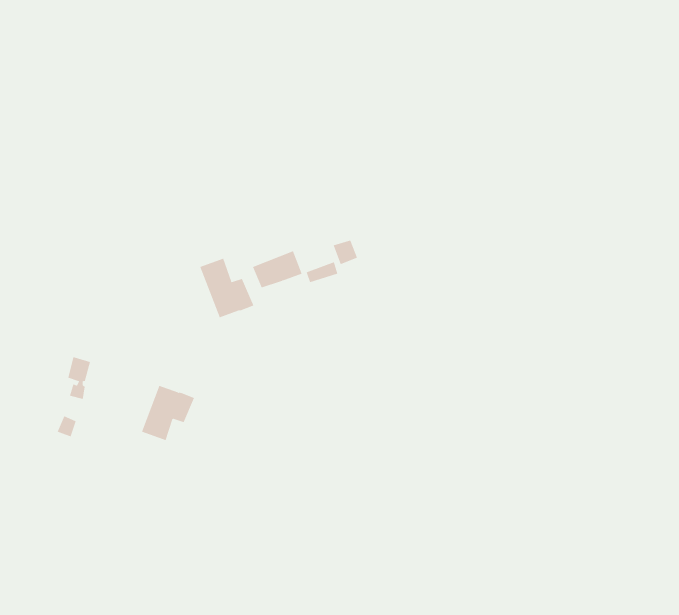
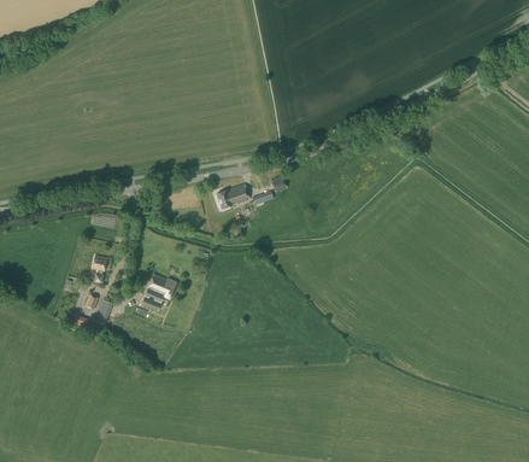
building: [199,258,254,318] -> none

